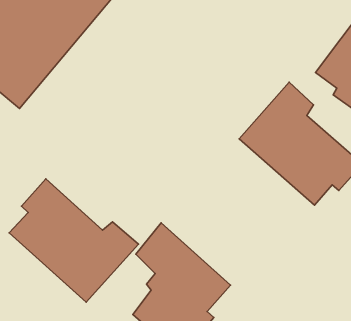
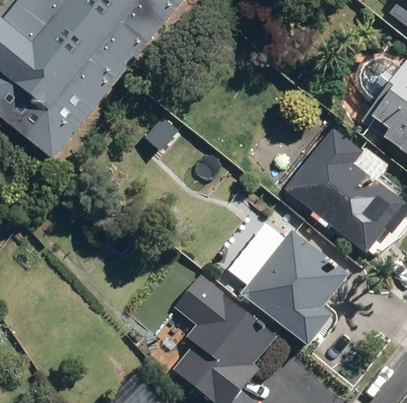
building: [9,179,139,302] -> none
building: none -> [235,227,347,348]

